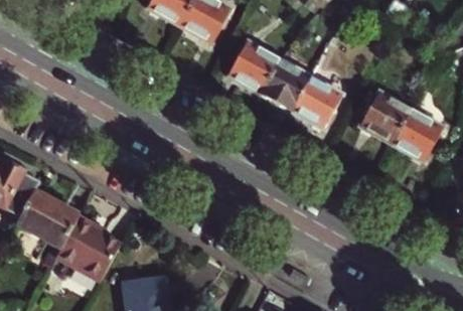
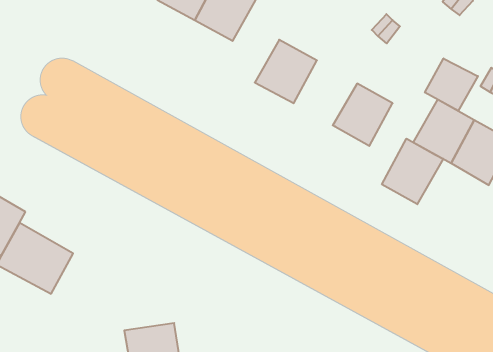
building: none -> [425,58,478,111]
building: [263,57,315,111] -> none
building: none -> [382,139,443,204]
building: [62,216,123,275] -> none

